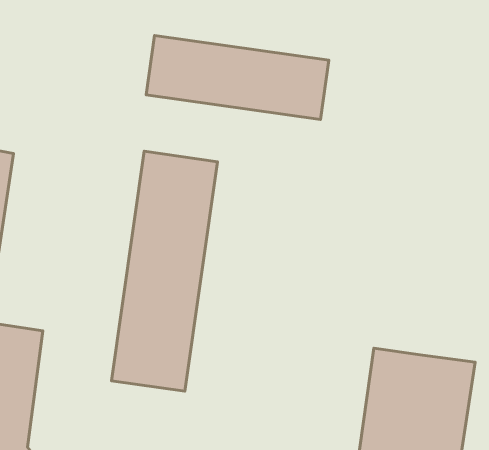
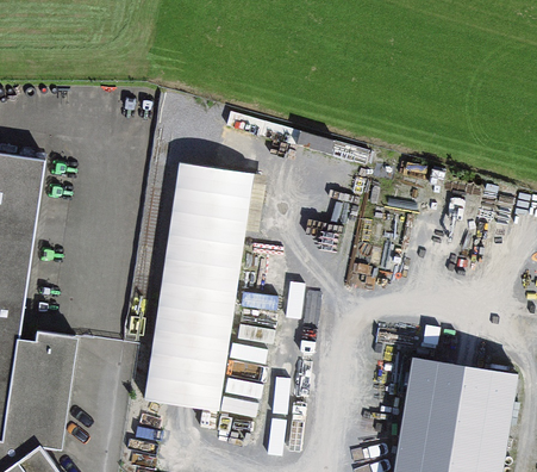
building: [146,35,329,120] -> none

